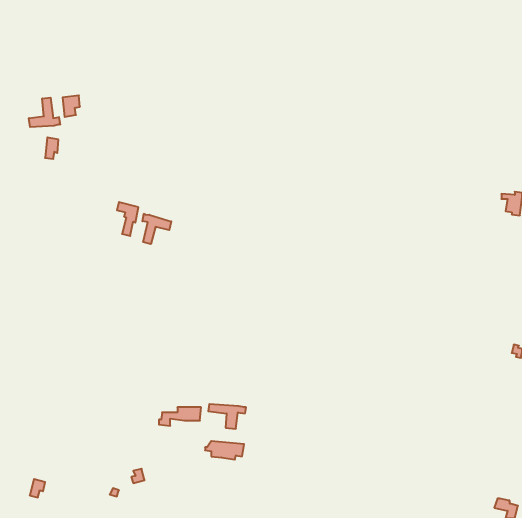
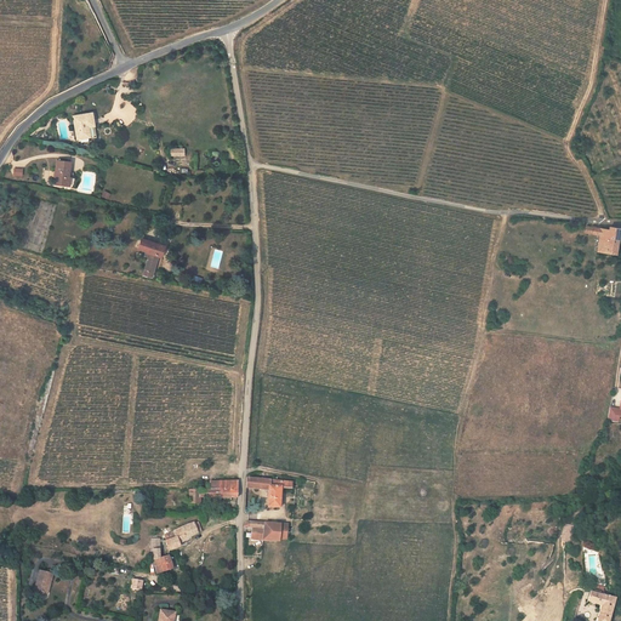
building: [29,98,60,127] -> none
building: [142,214,171,244] -> none
building: none -> [163,520,200,549]

